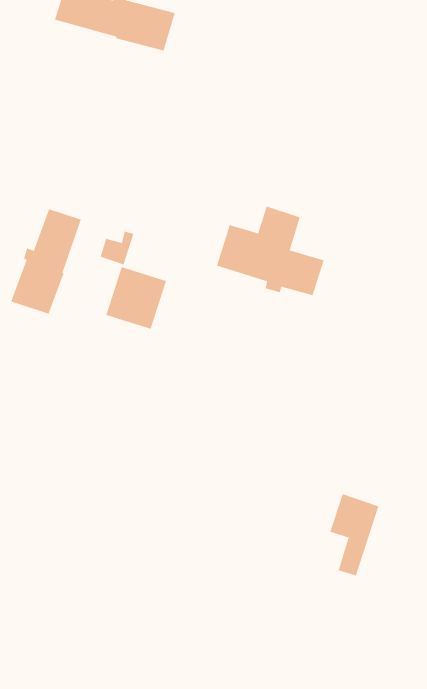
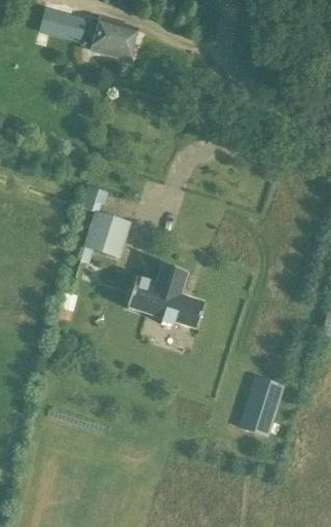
building: [216,206,325,296] -> [126,262,205,327]
building: [10,209,82,315] -> none

